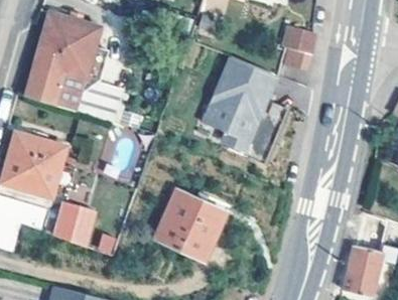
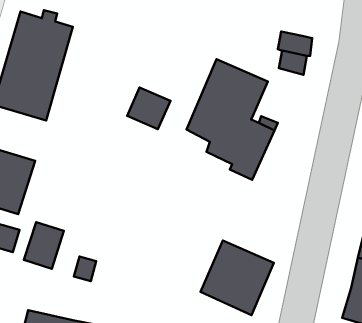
building: none -> [127,87,170,129]
building: [157,191,224,259] -> [200,241,274,315]

